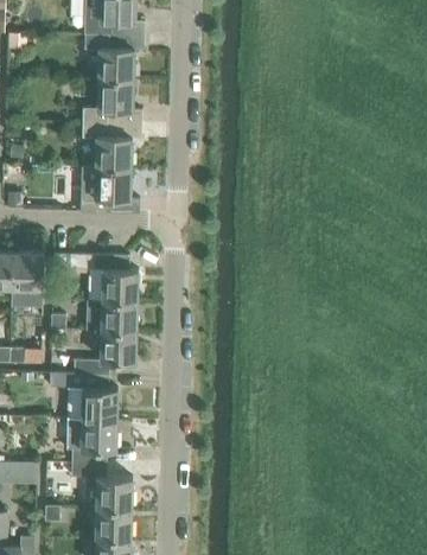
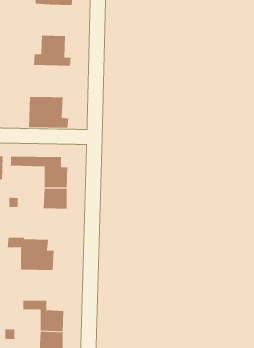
building: [88,33,142,79] -> none
building: [85,122,140,168] -> none
building: [74,330,135,375] -> none
building: [65,419,115,462] -> none

